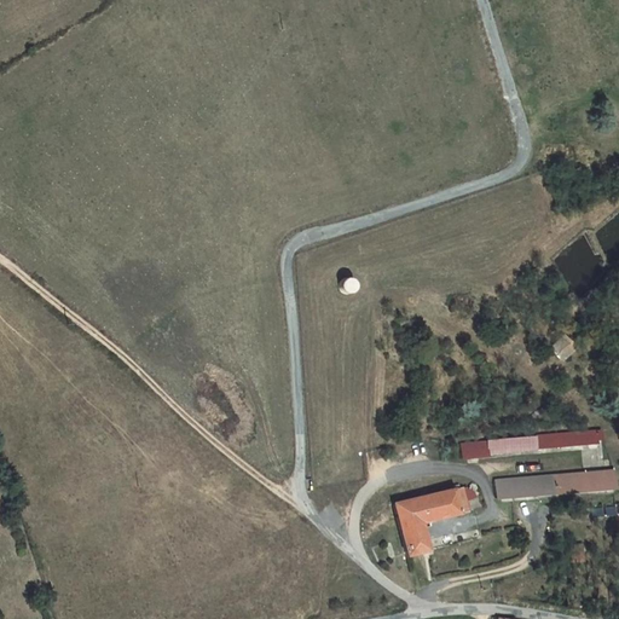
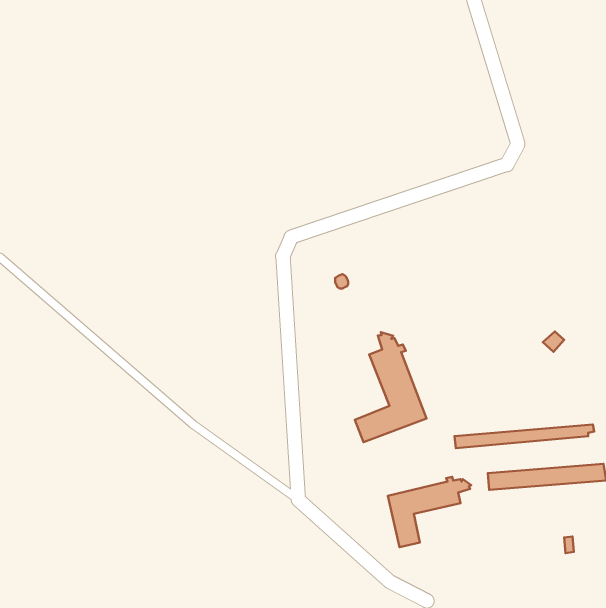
building: none -> [355,332,426,442]

